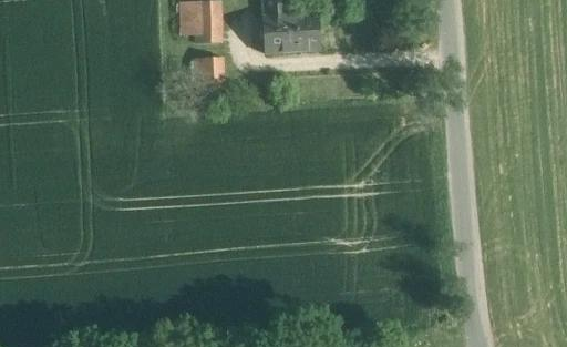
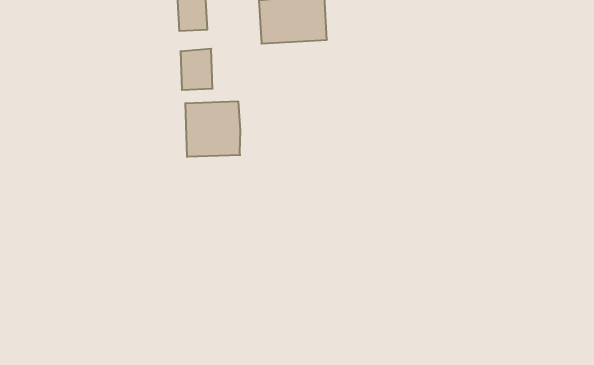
building: none -> [185,101,240,157]

